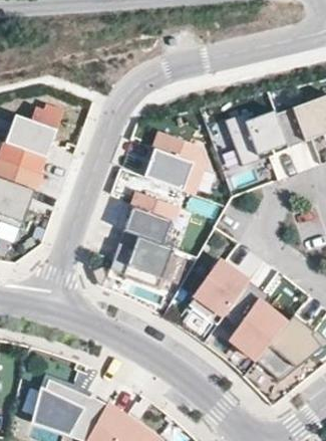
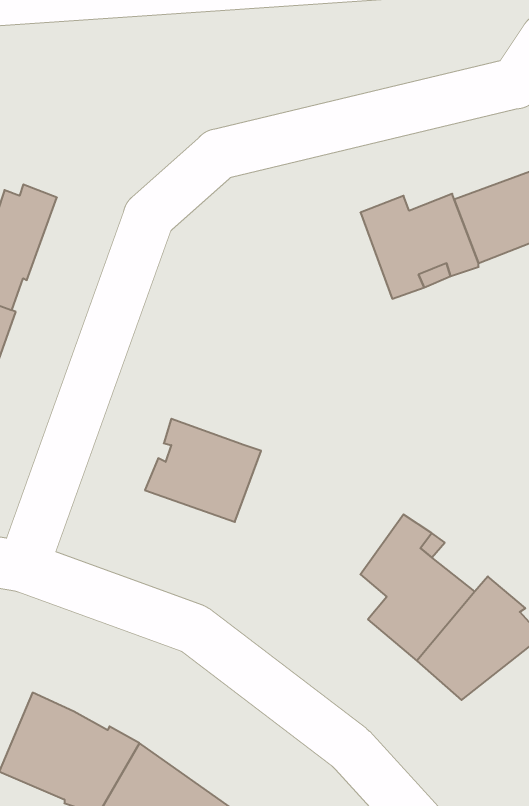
building: [143,131,204,193] -> none
building: [123,191,177,244] -> none
building: [189,261,248,324] -> none

